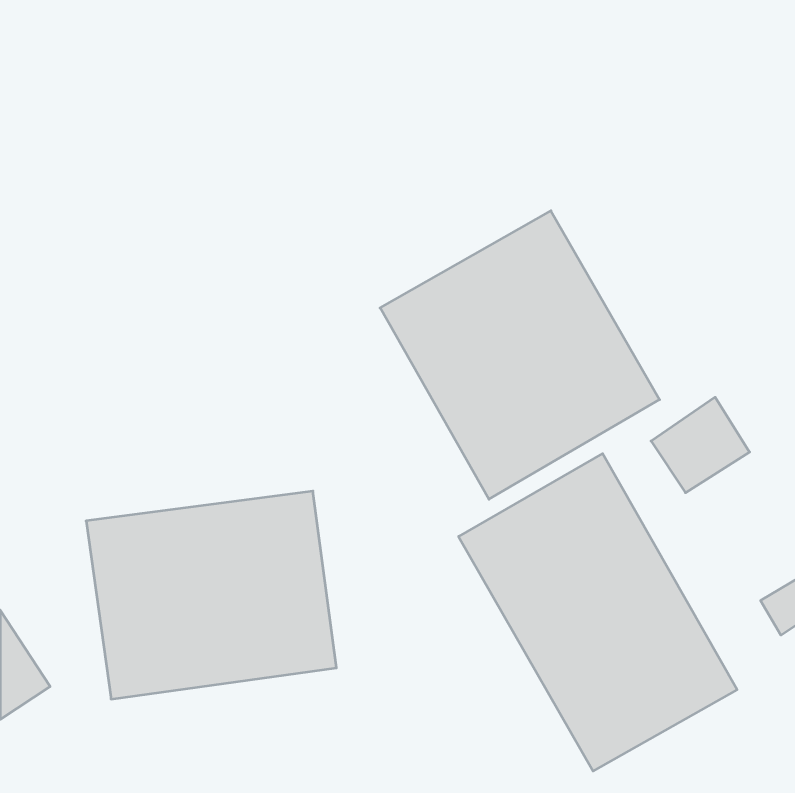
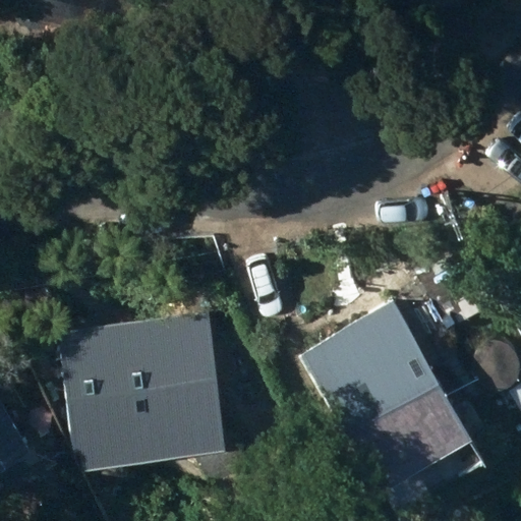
building: [380,211,660,499] -> none

